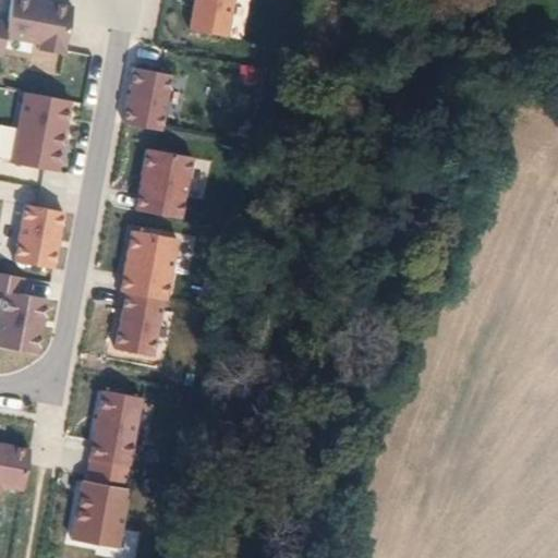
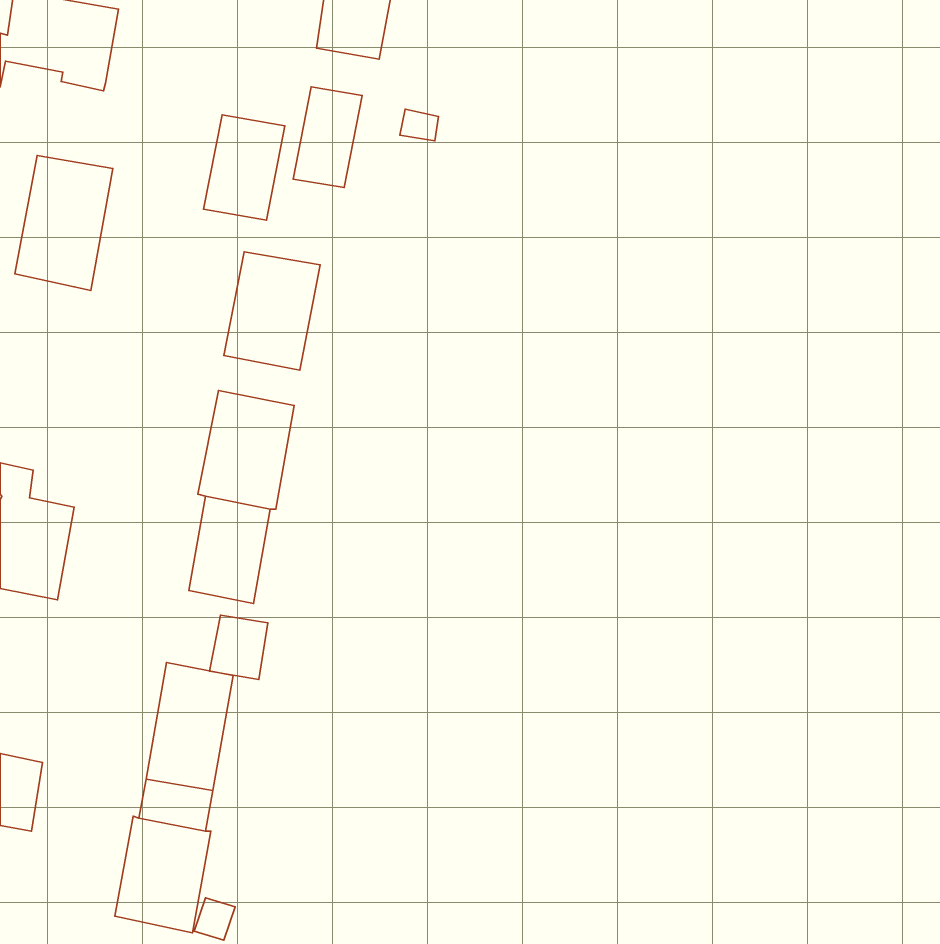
building: none -> [293,87,362,188]
building: [13,204,63,268] -> none
building: none -> [210,615,268,680]

